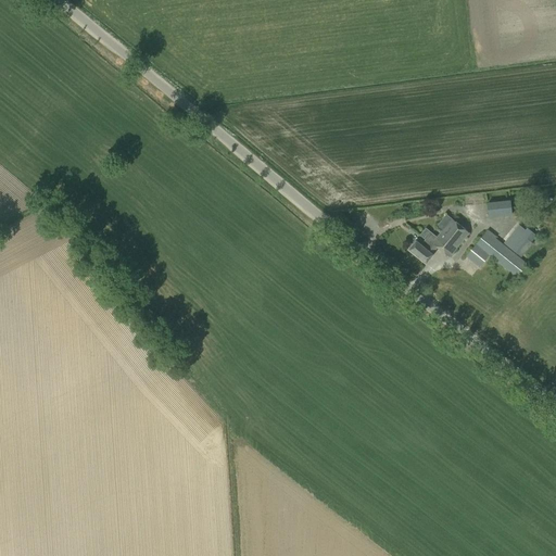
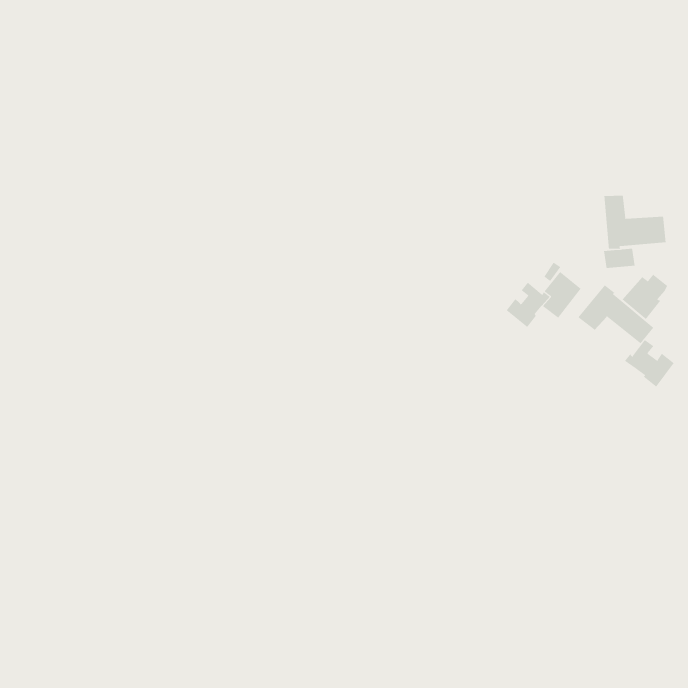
building: none -> [604,195,666,250]
building: none -> [624,339,675,387]

